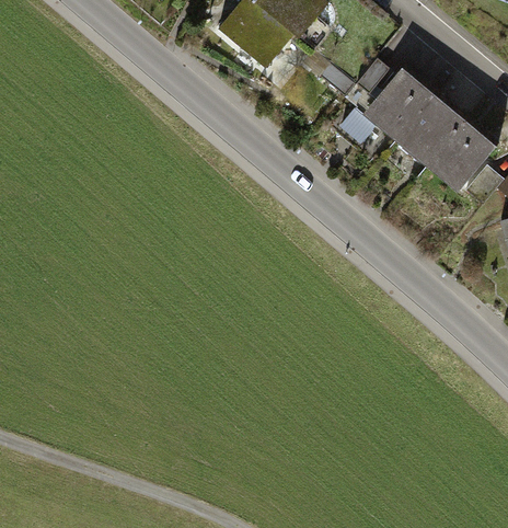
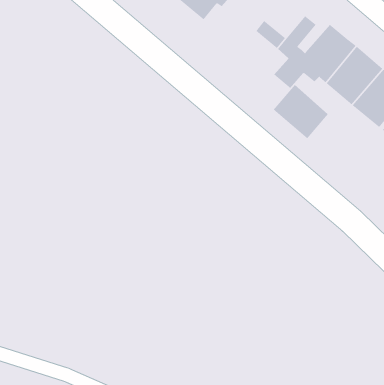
building: none -> [273,84,329,139]

